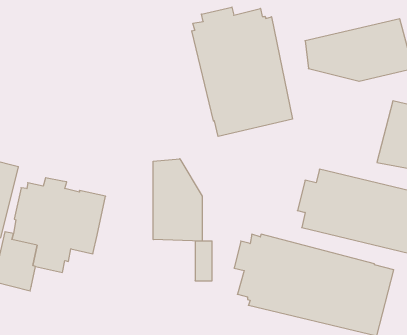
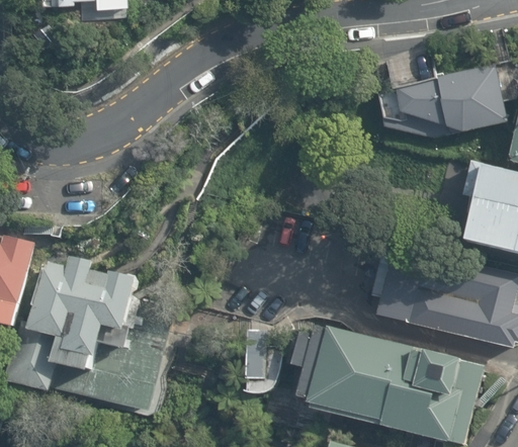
building: [192,7,292,136] -> none
building: [153,159,202,241] -> none
building: none -> [51,325,167,409]

